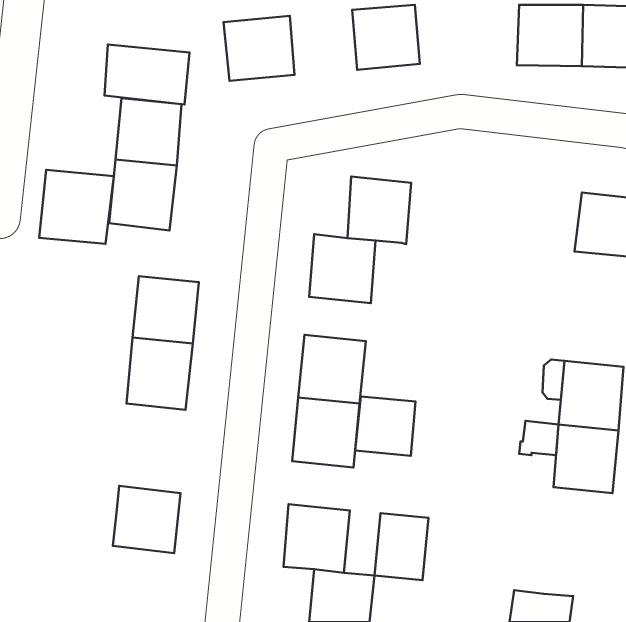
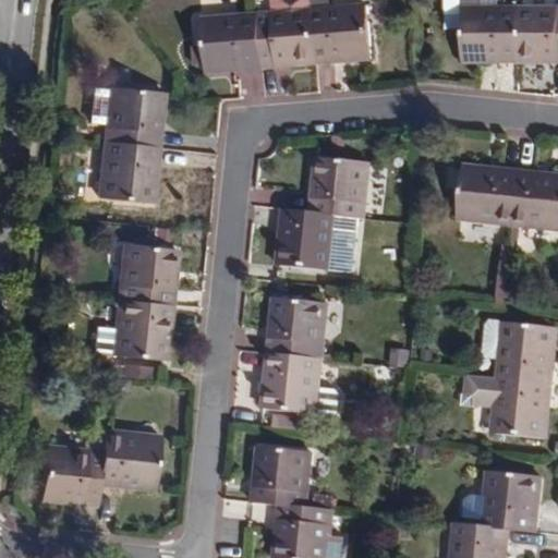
building: none -> [258,9,318,66]
building: [104,44,190,105] -> none
building: [39,170,114,244] -> none
building: none -> [456,166,518,223]
building: none -> [330,214,357,271]
building: [355,397,416,456] -> none
building: none -> [39,449,105,508]
building: [374,513,429,580] -> none
building: none -> [484,471,542,533]

